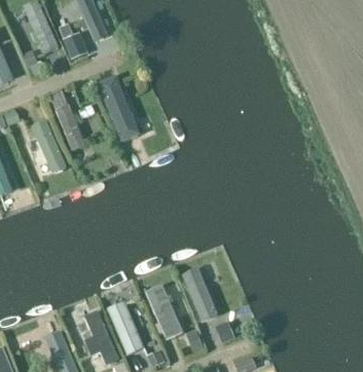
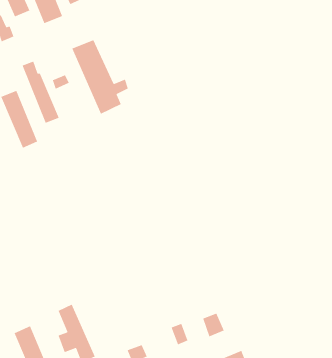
building: [182,267,218,322] -> none
building: [145,284,183,339] -> none
building: [107,300,144,356] -> none

